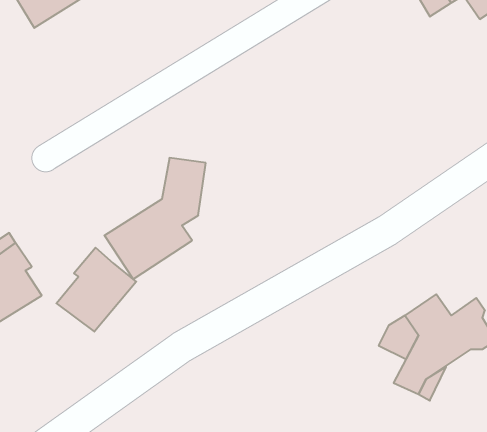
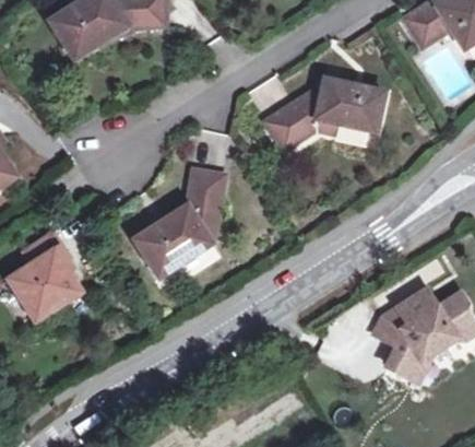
building: none -> [268,77,383,146]
building: [56,248,136,332] -> none

